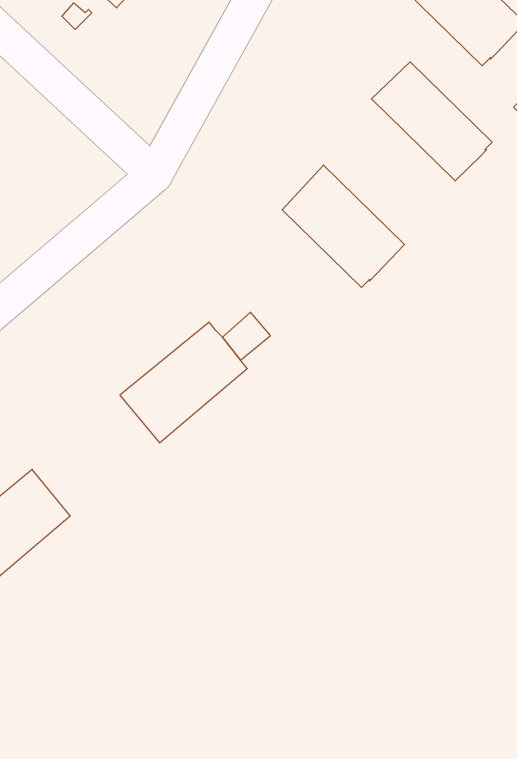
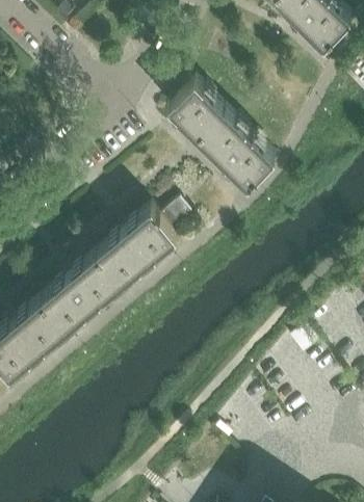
building: [371,62,492,181] -> none
building: none -> [165,85,222,141]
building: none -> [38,258,119,334]

